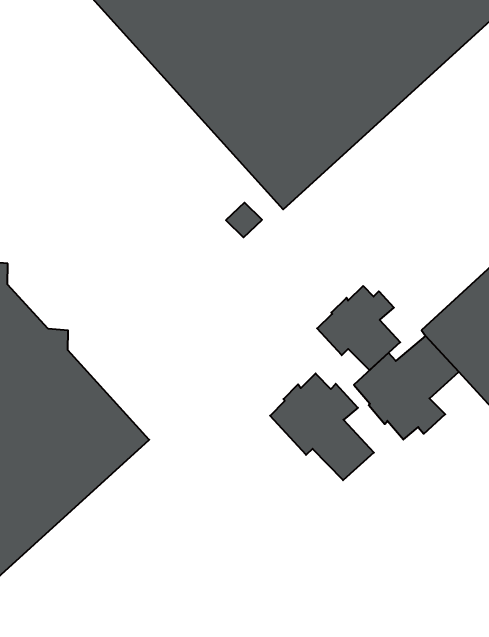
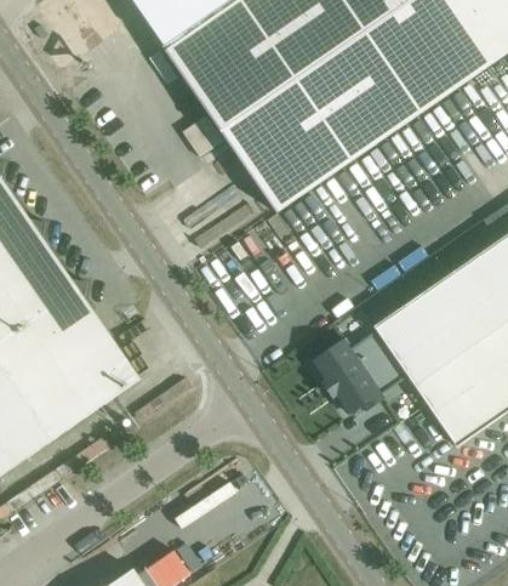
building: [317,286,400,370] -> none
building: [270,373,374,480] -> none

